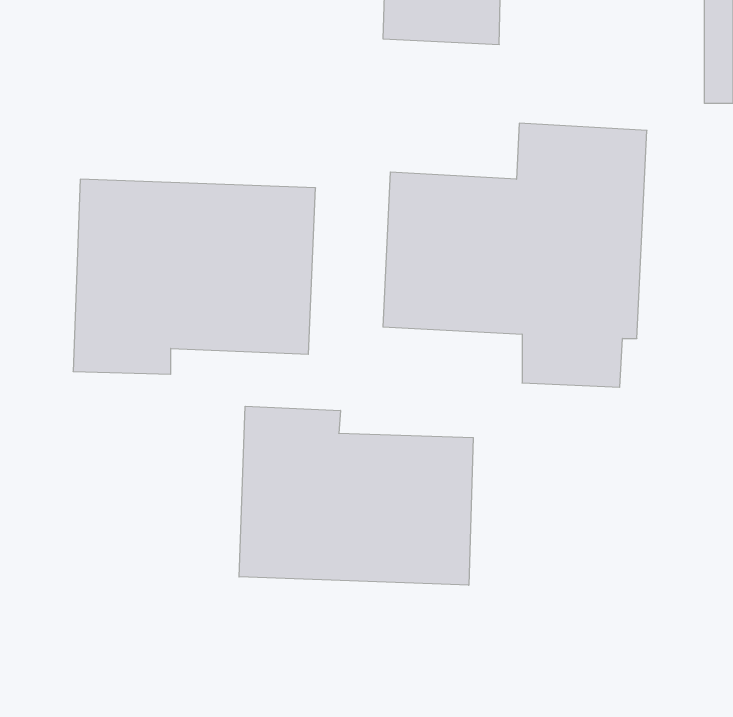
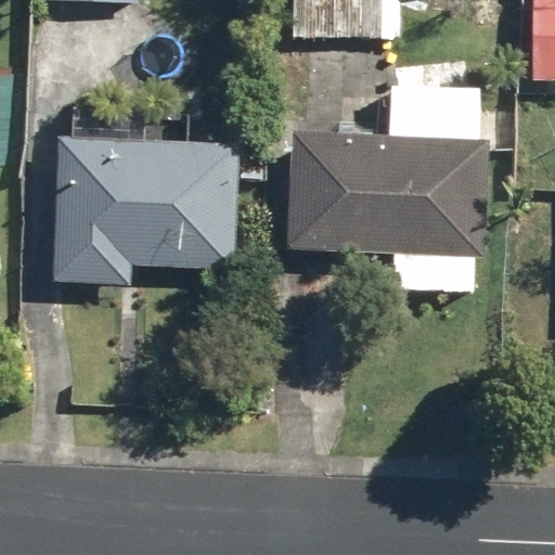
building: [239,406,473,585] -> none

